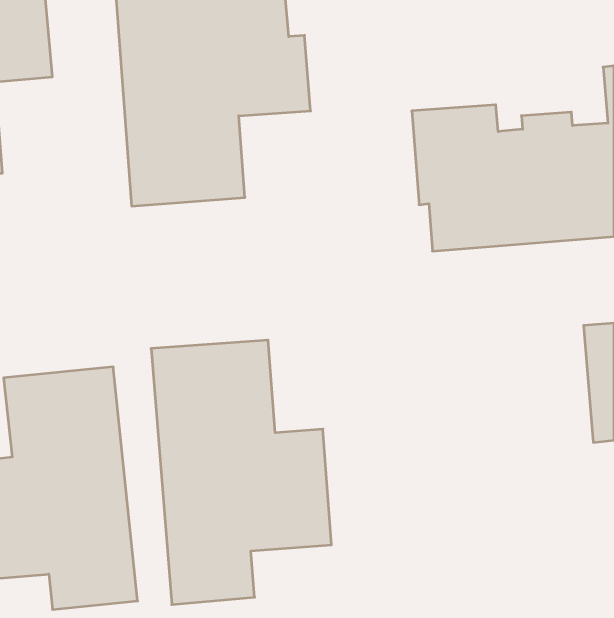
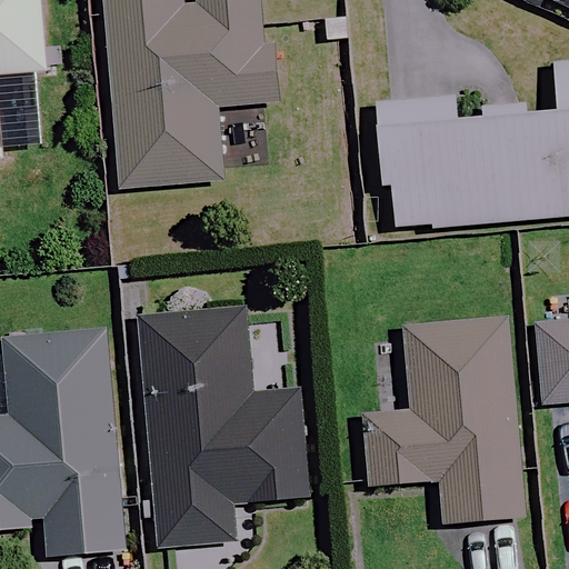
building: none -> [361,313,525,522]

